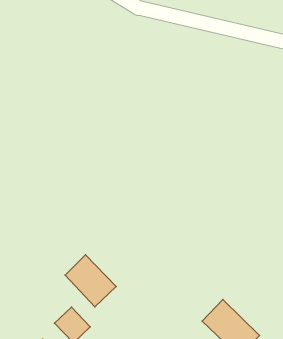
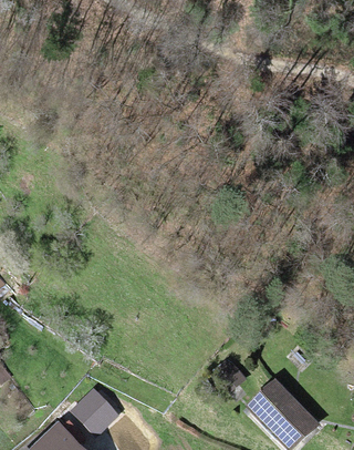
building: [65,255,116,307] -> none

